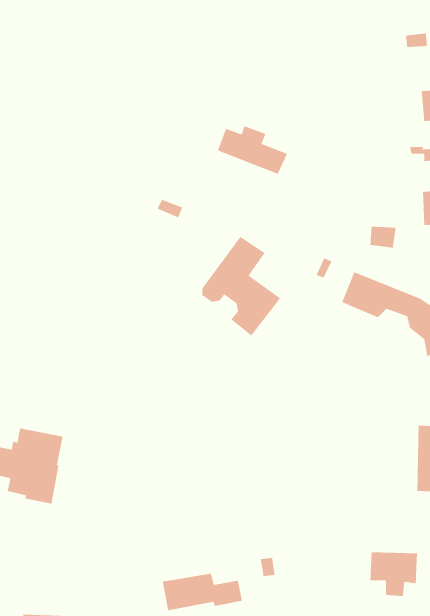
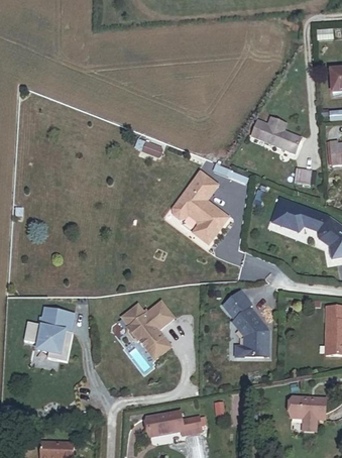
building: [217,125,288,175] -> [251,117,302,152]
building: none -> [223,290,268,356]
building: none -> [122,301,174,358]

